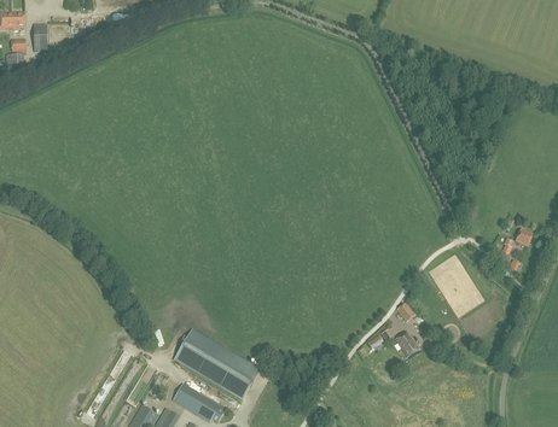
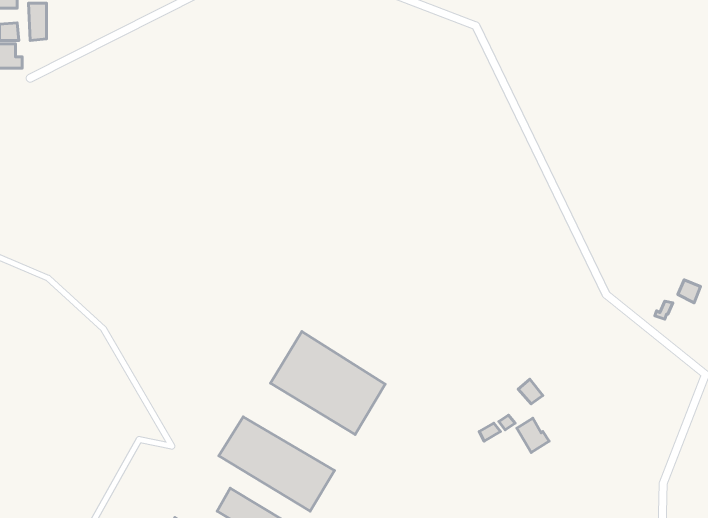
building: none -> [270,332,385,435]

